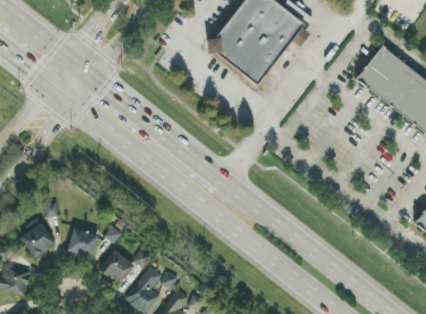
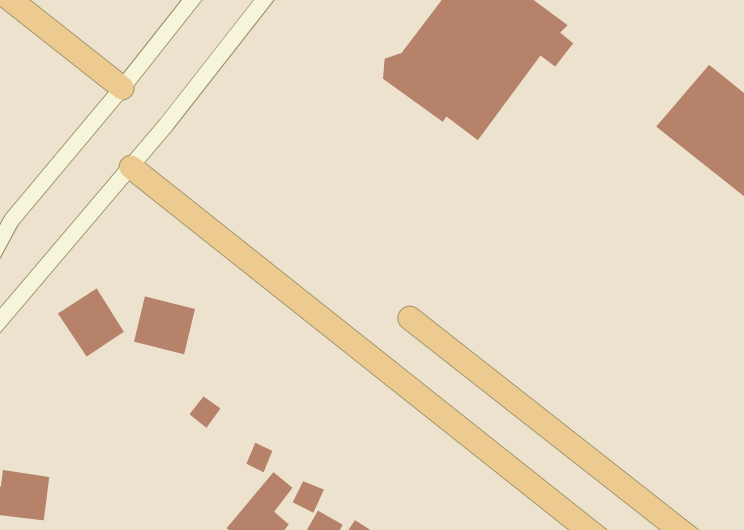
building: [17,219,54,257] -> [57,288,125,358]
building: [67,226,101,258] -> [133,296,196,355]
building: [99,249,134,284] -> none

